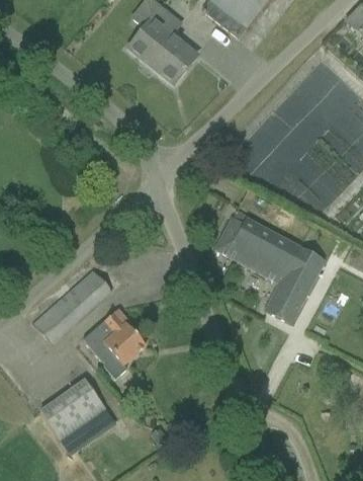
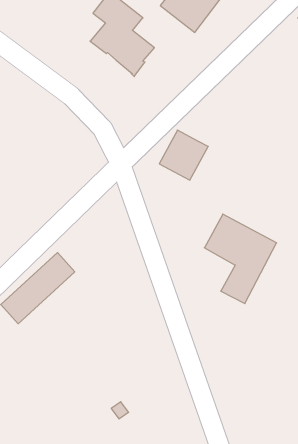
building: [216,212,268,264] -> [159,130,208,180]
building: [84,309,146,379] -> none
building: [41,380,107,442] -> none

